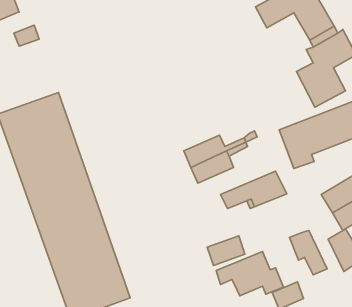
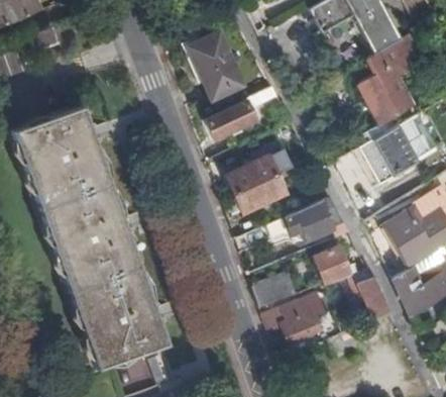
building: none -> [190,33,244,100]
building: none -> [208,86,280,138]
building: none -> [316,244,359,283]

